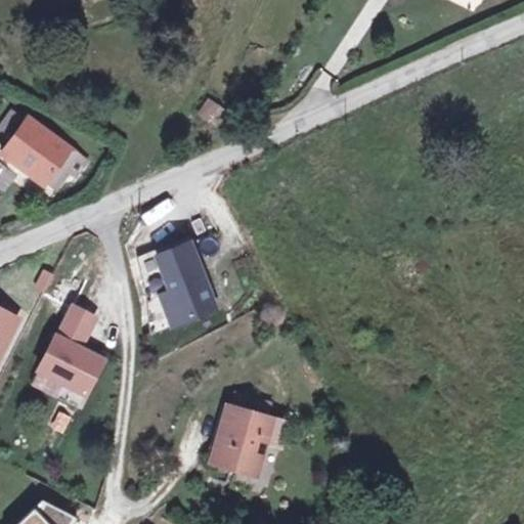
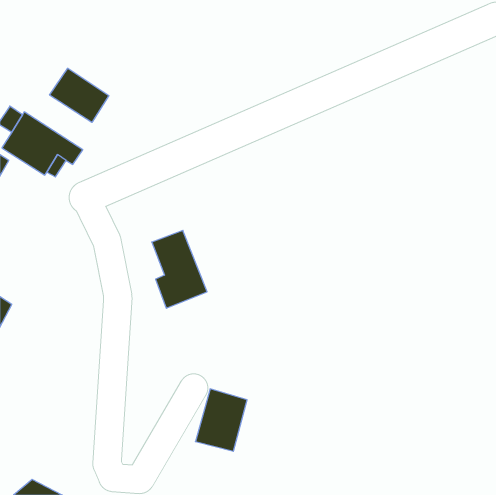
building: none -> [50,68,109,122]
building: [40,307,104,395] -> none

